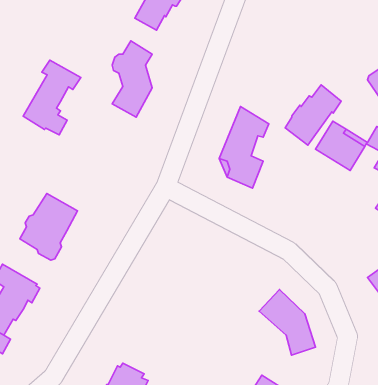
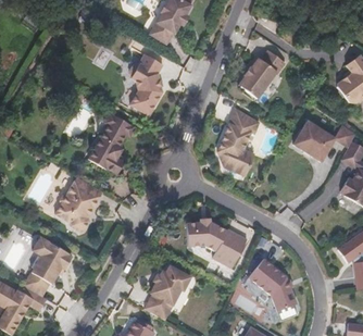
building: [23,60,81,135] -> [87,114,134,175]
building: [285,85,341,145] -> [239,48,285,97]
building: none -> [185,217,246,267]
building: none -> [142,264,190,319]

